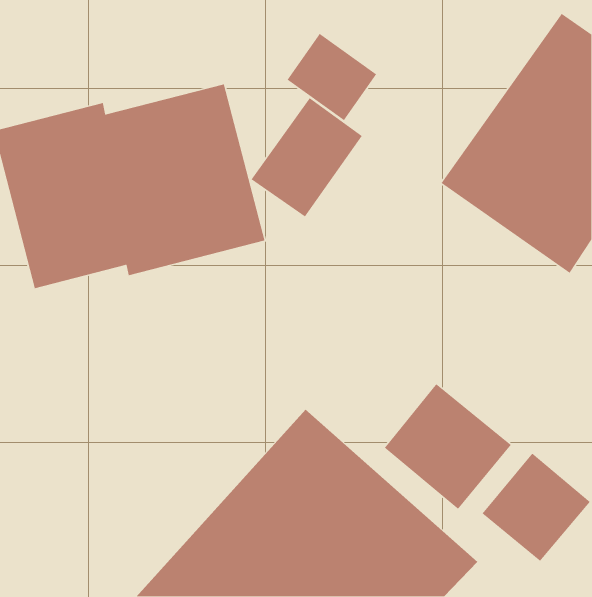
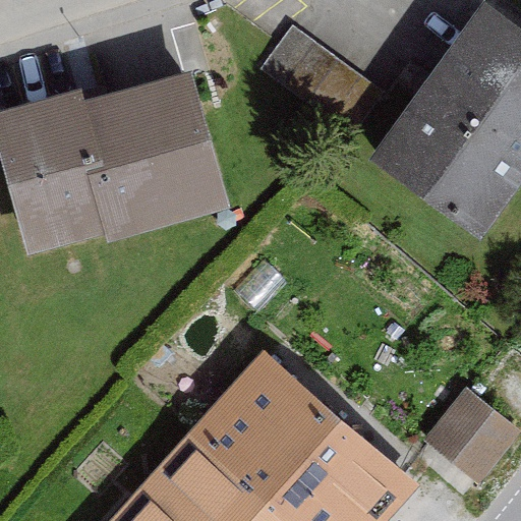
building: [251,97,363,218] -> none
building: [384,383,512,510] -> none

